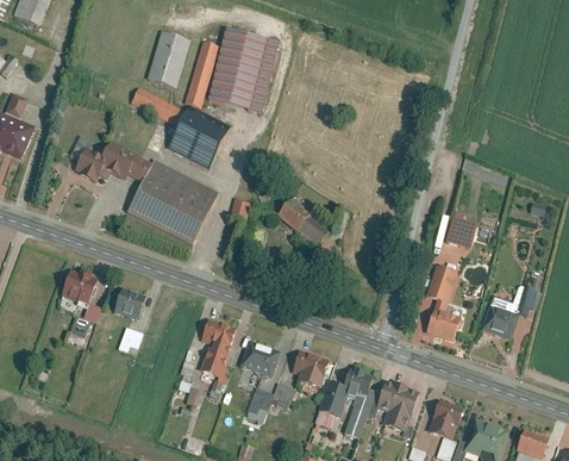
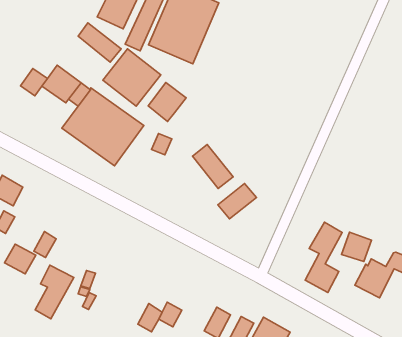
building: none -> [148,83,186,122]
building: [443,218,474,248] -> [341,232,372,262]
building: none -> [218,183,256,219]
building: [113,291,146,322] -> [4,244,36,274]
building: [201,318,238,378] -> [35,265,74,319]
building: [244,339,281,378] -> none
building: [293,350,331,387] -> none

